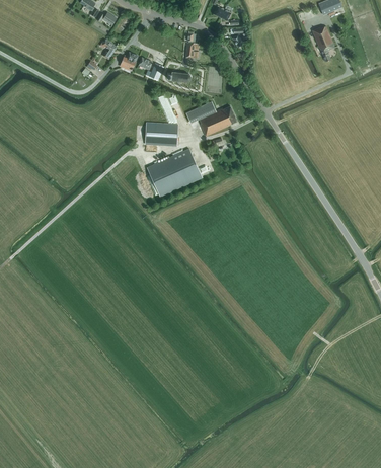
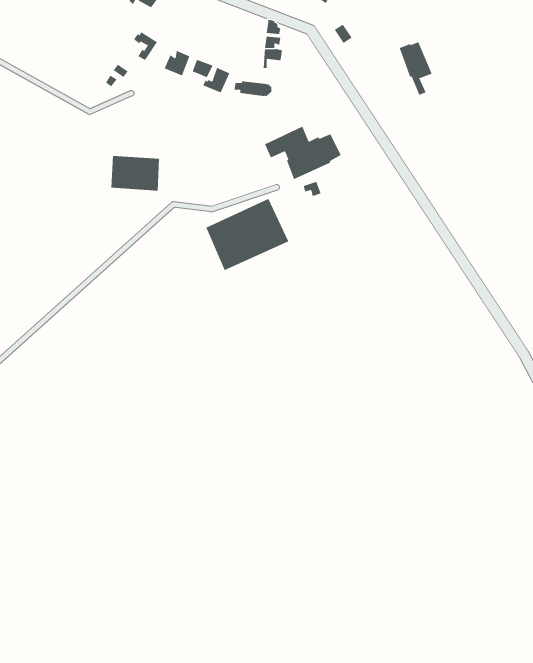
building: [312,26,334,62] -> [399,42,433,96]
building: [145,123,177,146] -> [111,155,160,191]

